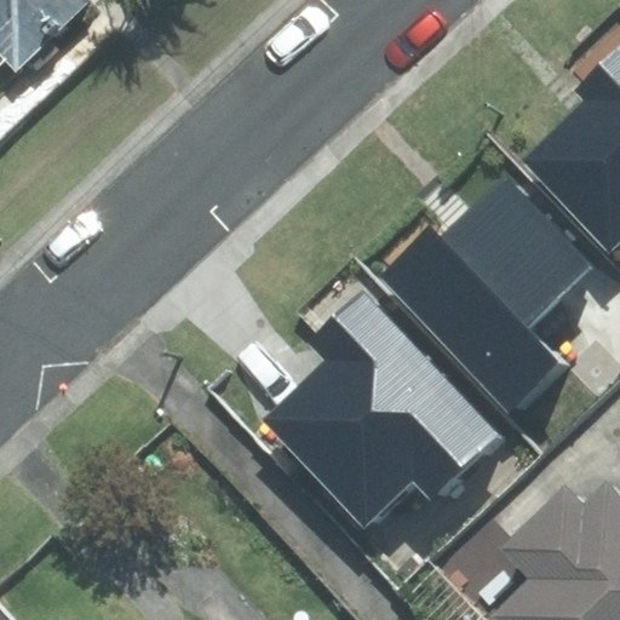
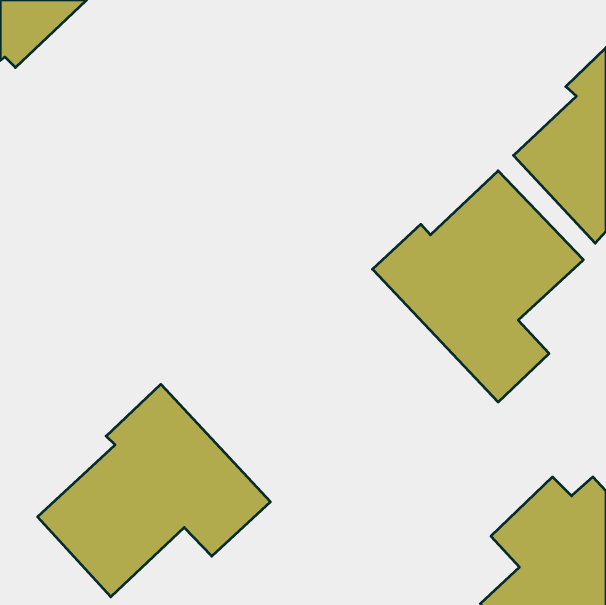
building: [262,289,500,529] -> none
building: none -> [38,384,270,597]

